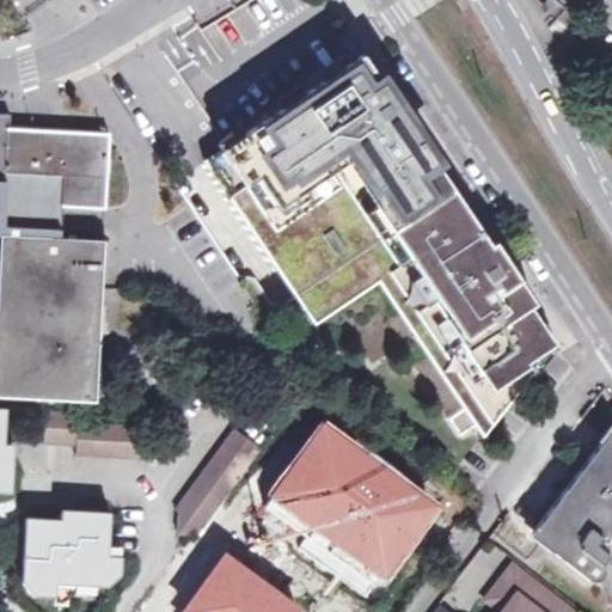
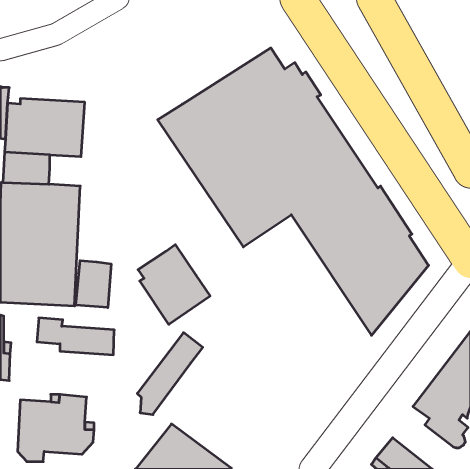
building: none -> [138,245,210,324]
building: none -> [76,261,111,308]
building: [268,422,437,582] -> none

